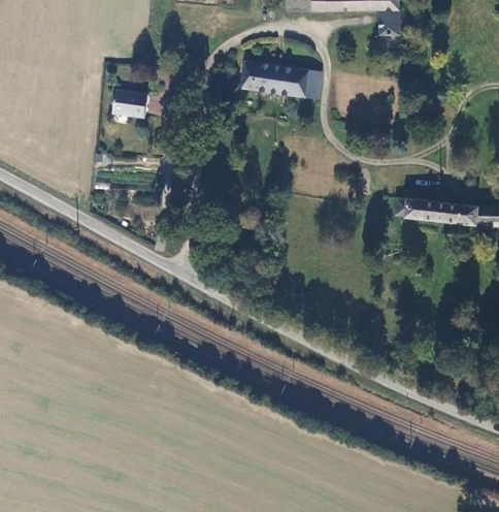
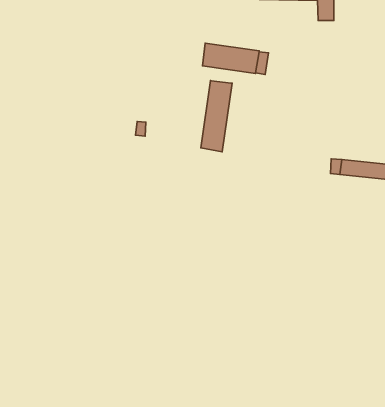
building: [114,94,148,121] -> none
building: none -> [201,80,232,152]

